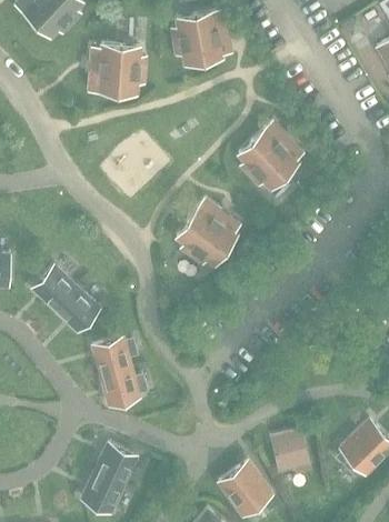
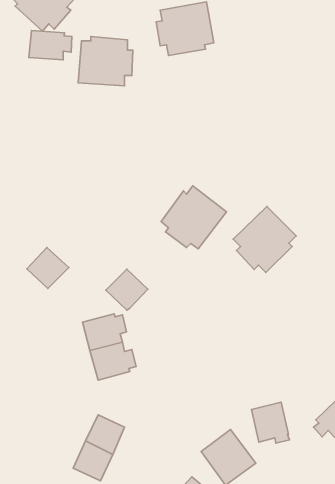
building: none -> [29,30,72,60]
building: [238,120,305,190] -> [233,206,296,273]
building: [56,288,100,331] -> [106,269,148,310]

